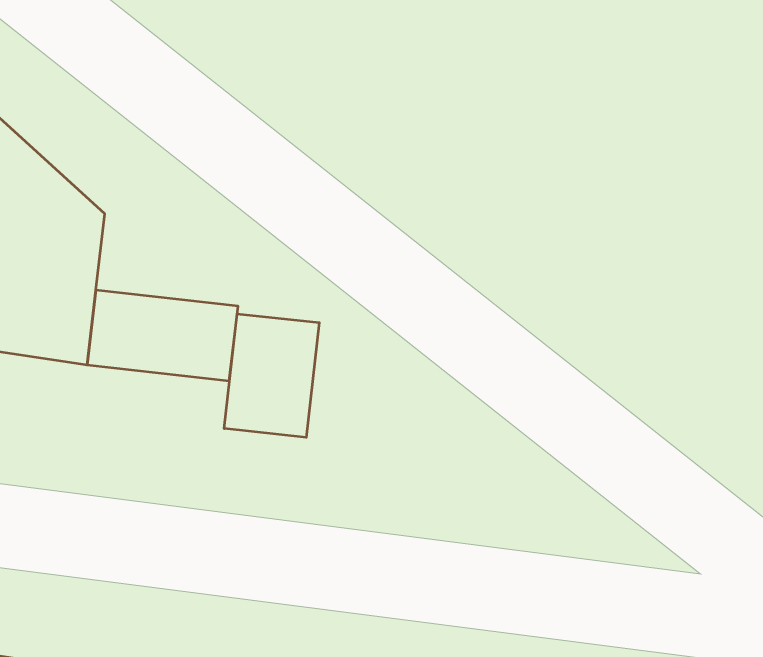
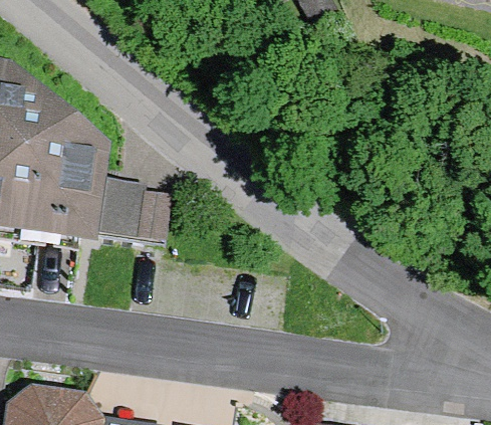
building: [224,314,319,437] -> none

